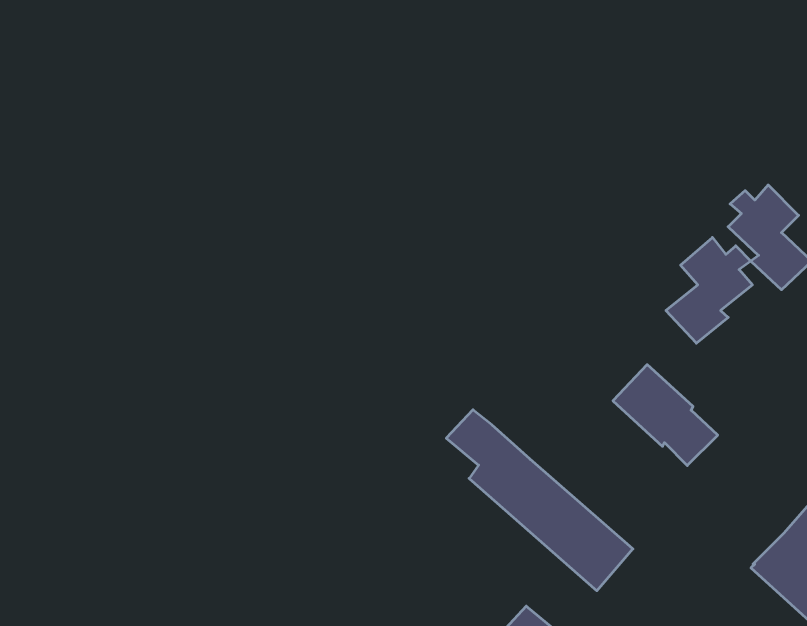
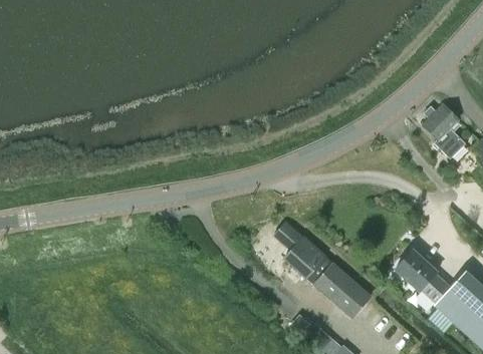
building: [666,237,752,343] -> none
building: [613,365,718,466] -> [396,250,451,303]

